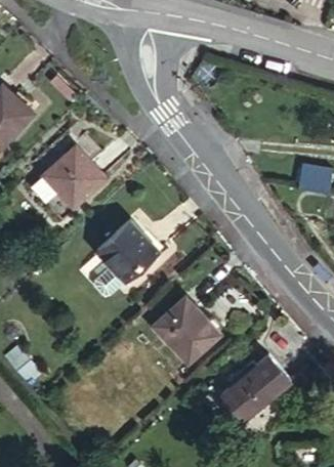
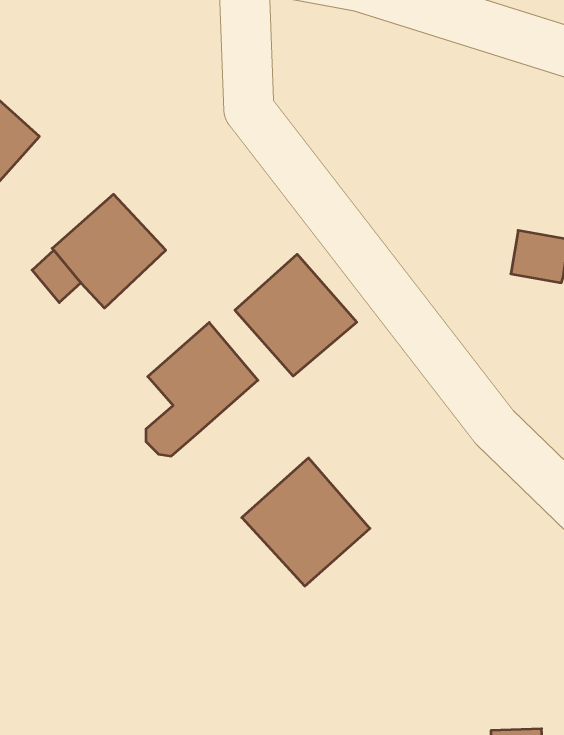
building: none -> [235,254,357,376]
building: [220,354,290,421] -> none

